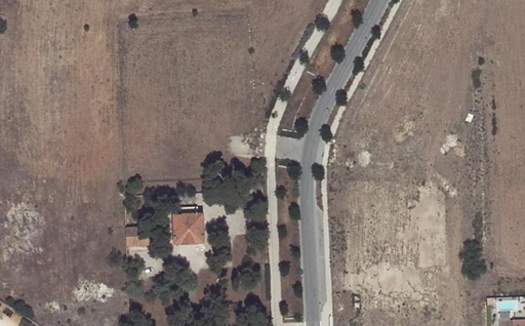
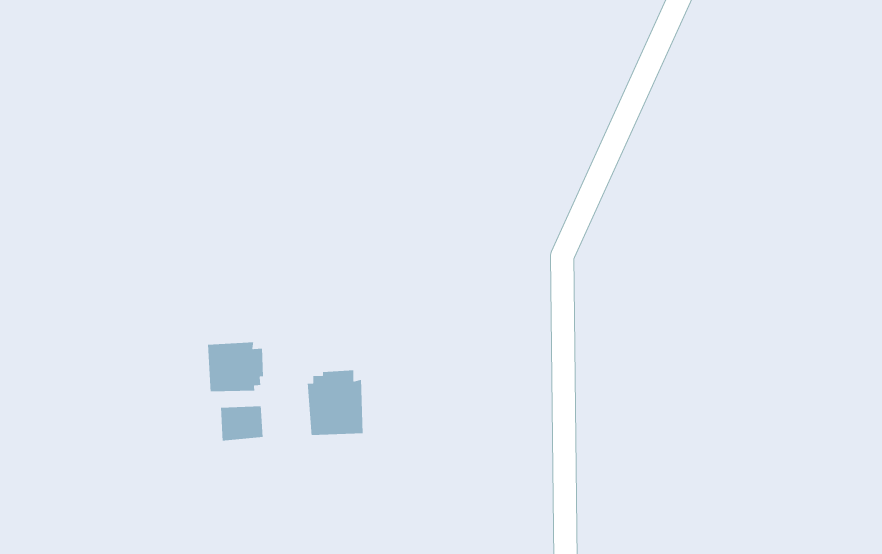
building: none -> [207,342,264,392]

